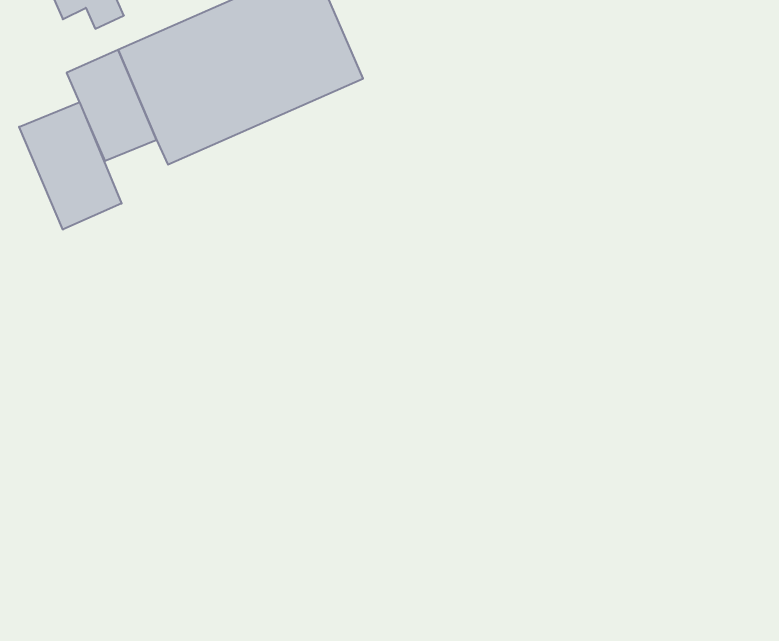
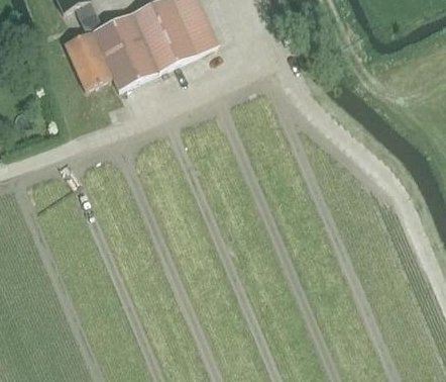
building: [19,102,122,230] -> none

